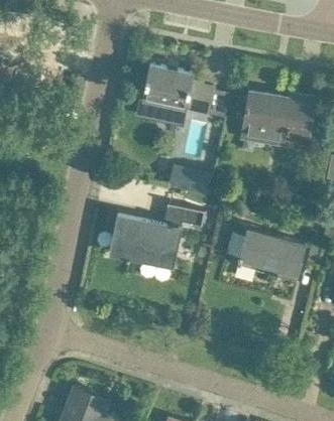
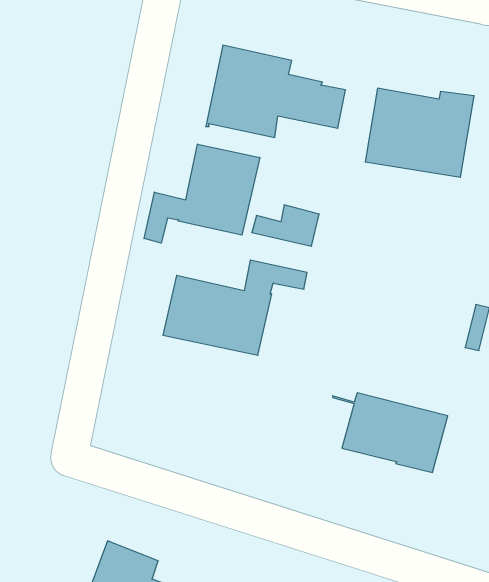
building: none -> [144,144,260,243]
building: [231,228,307,280] -> [333,393,448,473]

